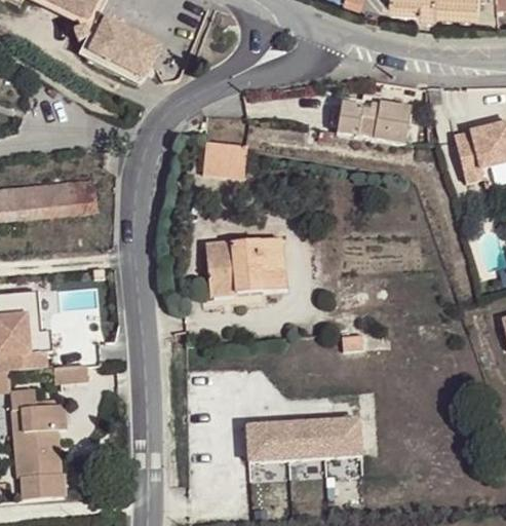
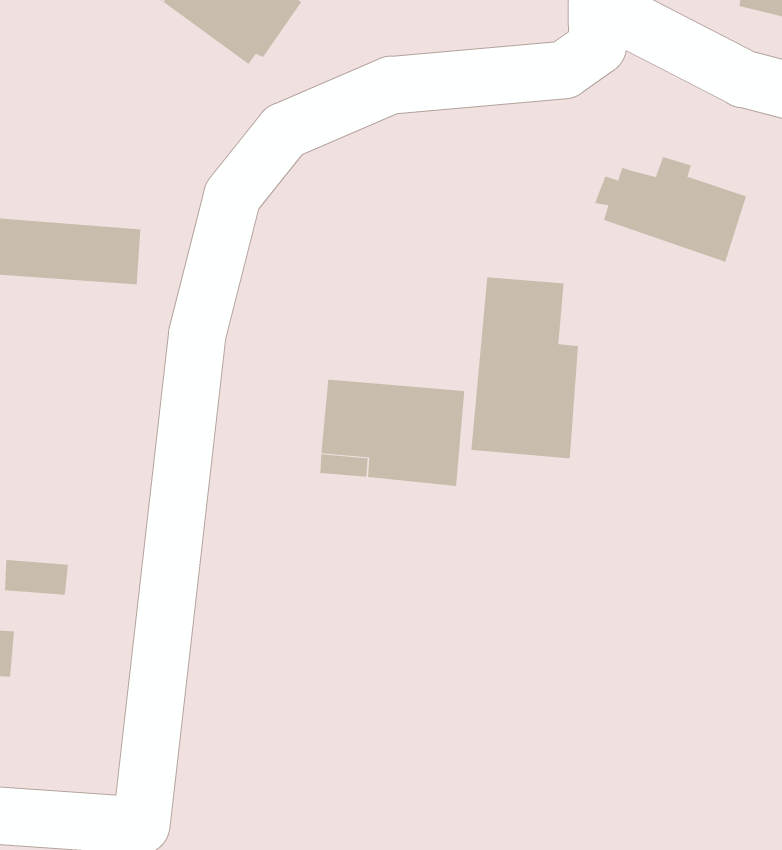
building: [203,140,247,175] -> none
building: none -> [471,276,579,459]
building: [241,422,358,467] -> none

